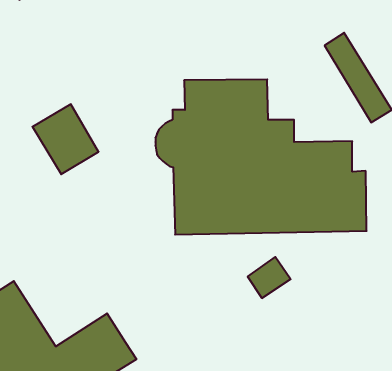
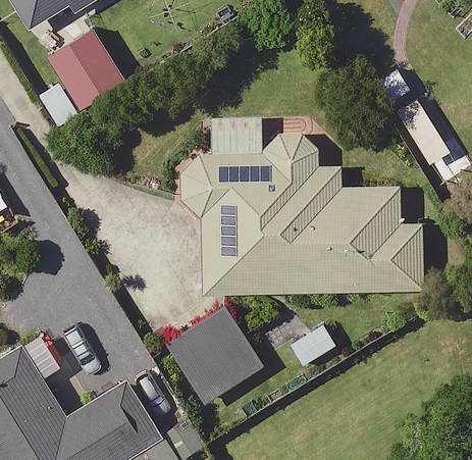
building: [32,104,99,174] -> [53,33,128,112]
building: none -> [171,315,251,399]

